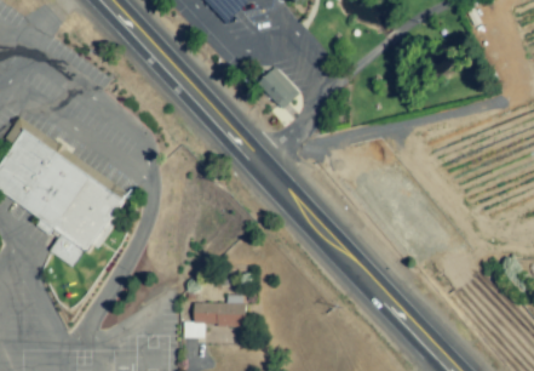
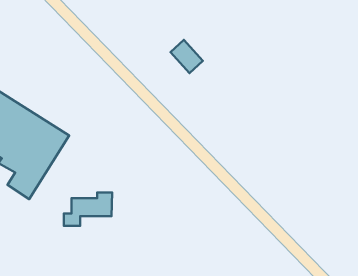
building: [183,296,245,338] -> [64,193,112,226]

